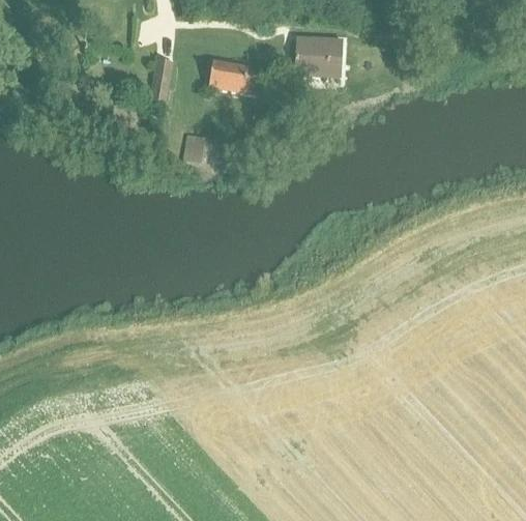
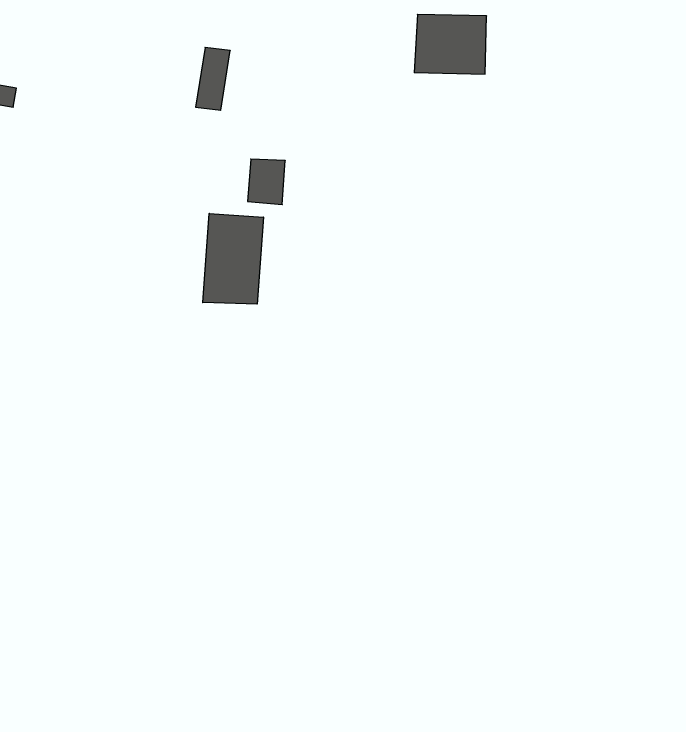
building: [207,59,259,94] -> none
building: none -> [203,213,263,304]

